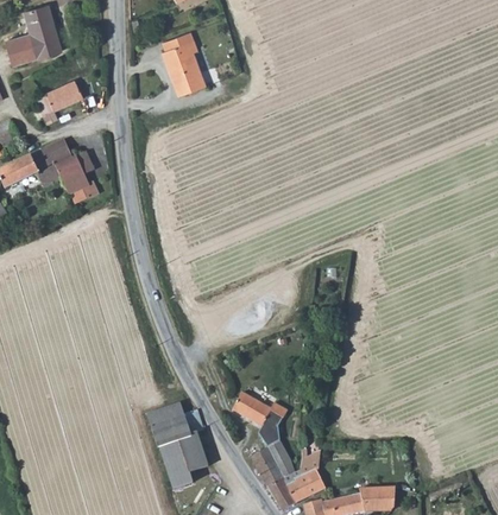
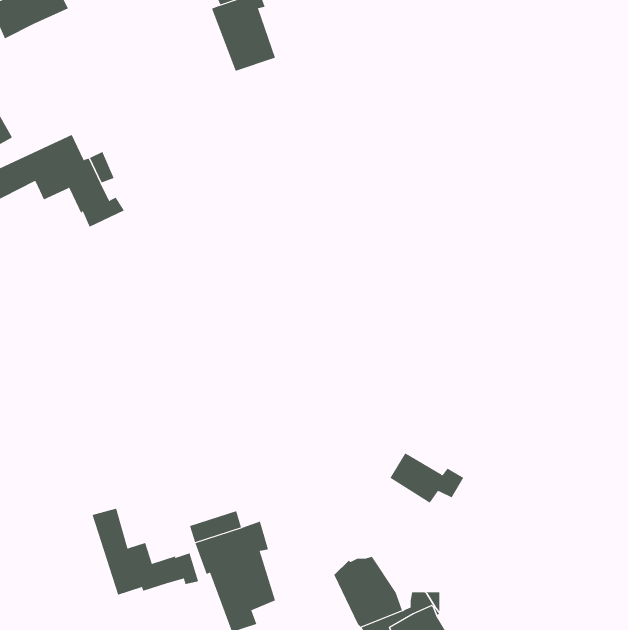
building: [34,78,84,123] -> none
building: [233,392,285,427] -> [389,453,464,503]
building: none -> [92,508,199,595]

